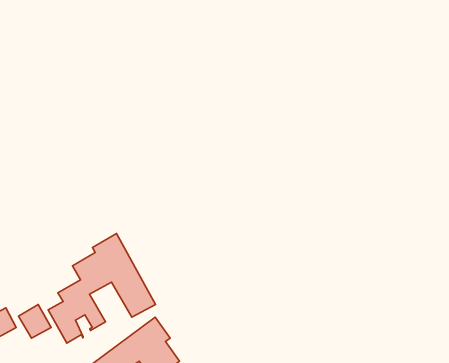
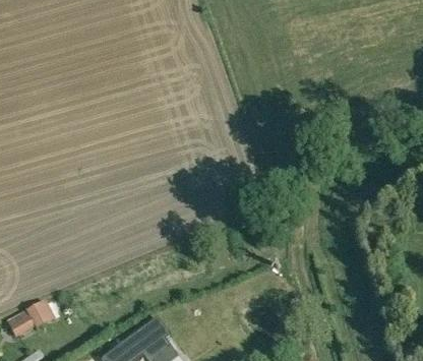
building: [48,234,156,343] -> none

